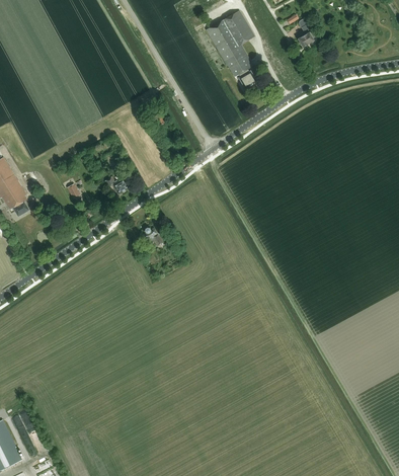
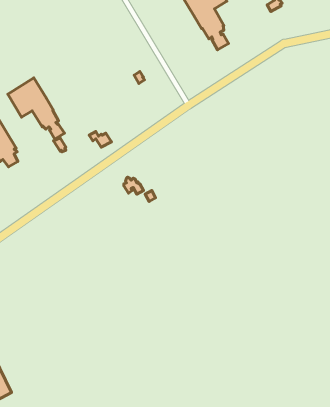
building: none -> [8,78,64,139]

